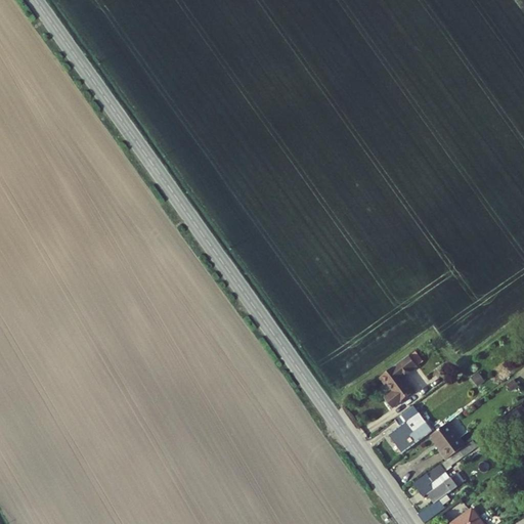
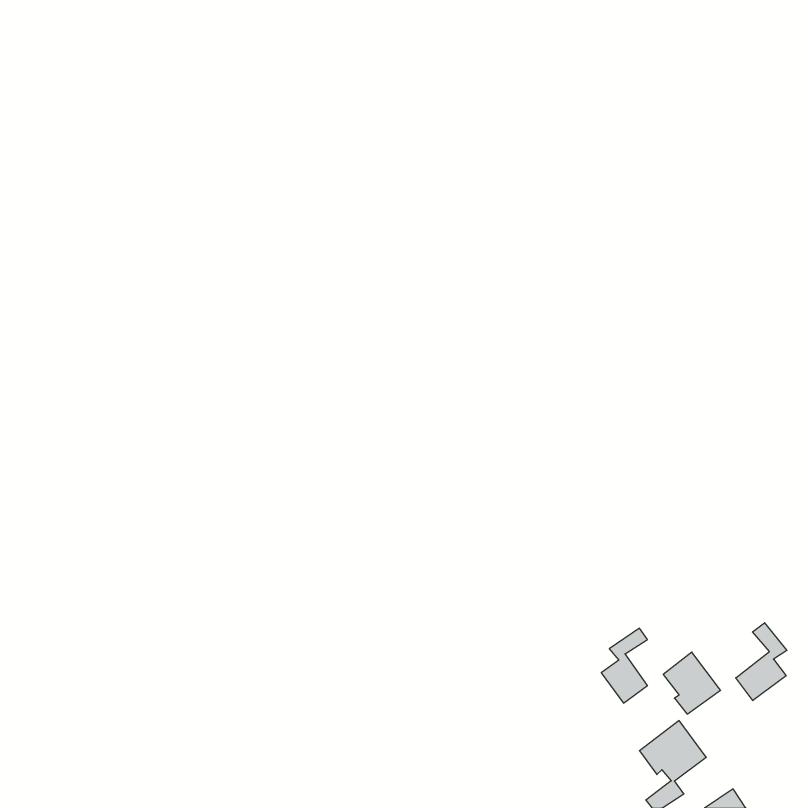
building: [380,354,419,407] -> none
building: none -> [736,623,787,701]

